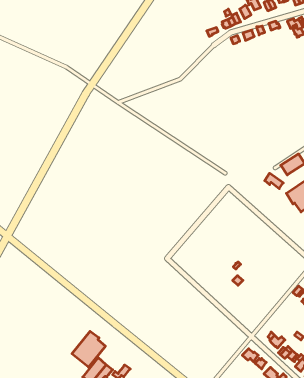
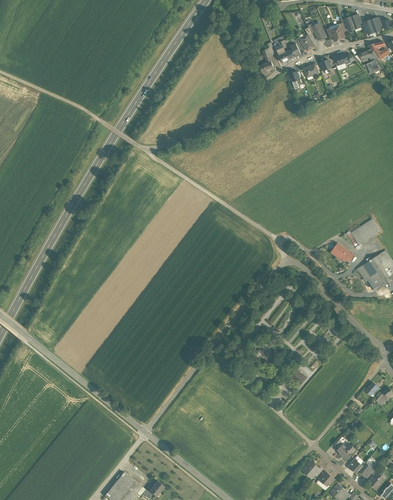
building: [72,331,105,367] -> none

